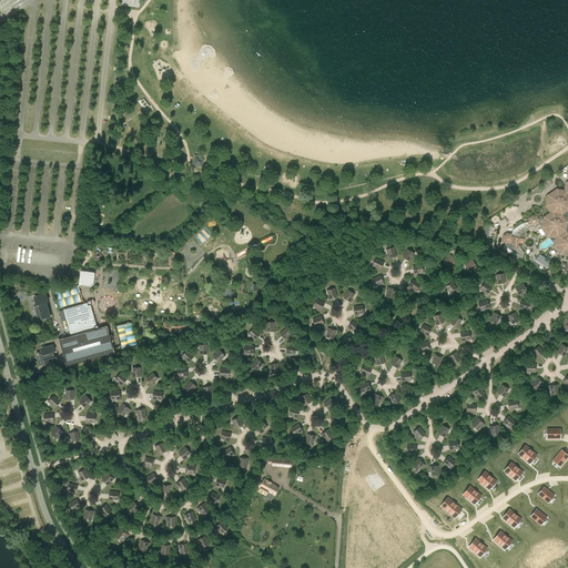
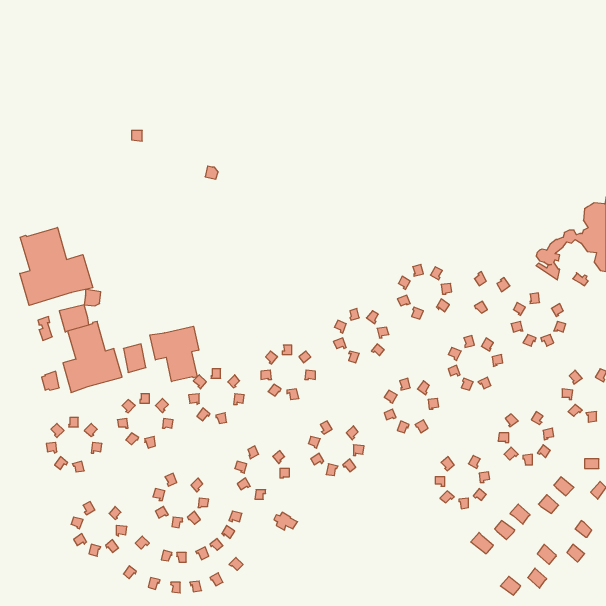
building: none -> [20,227,93,305]
building: none -> [150,326,199,382]

